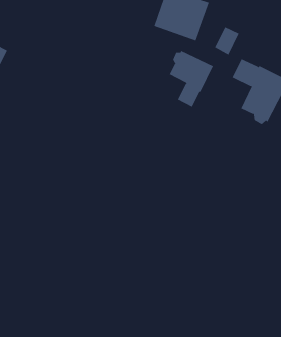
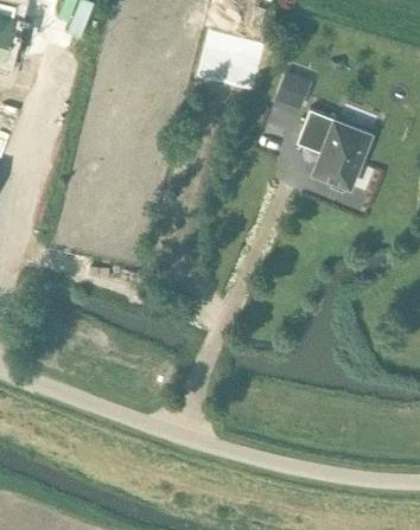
building: [169,50,214,107] -> none

